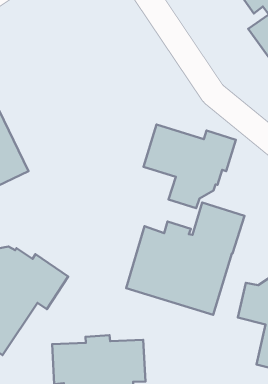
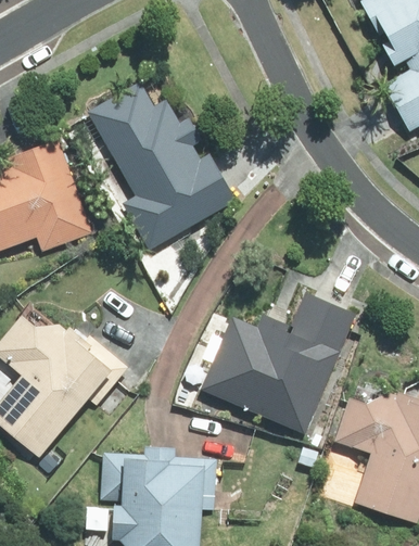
building: none -> [86,81,236,251]
building: [144,125,236,208] -> none

